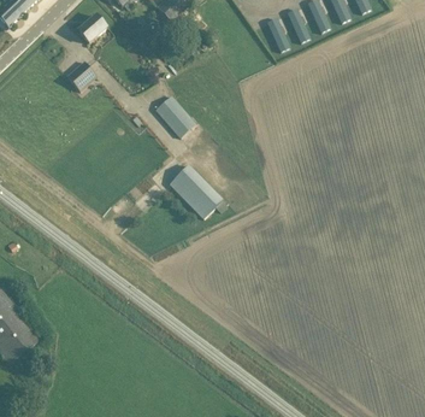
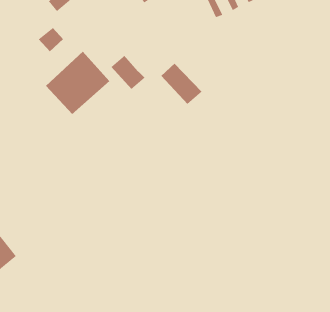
building: none -> [45,51,110,115]
building: [172,166,223,217] -> [160,63,202,105]

